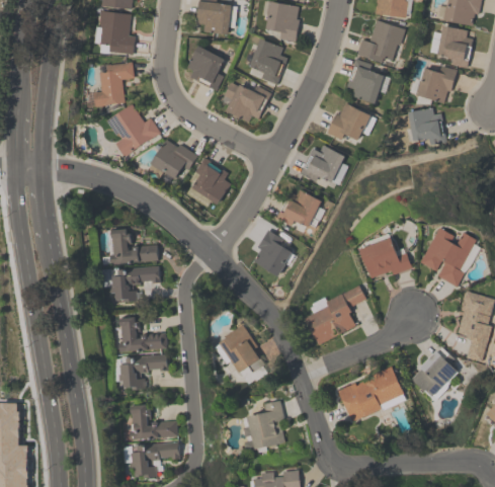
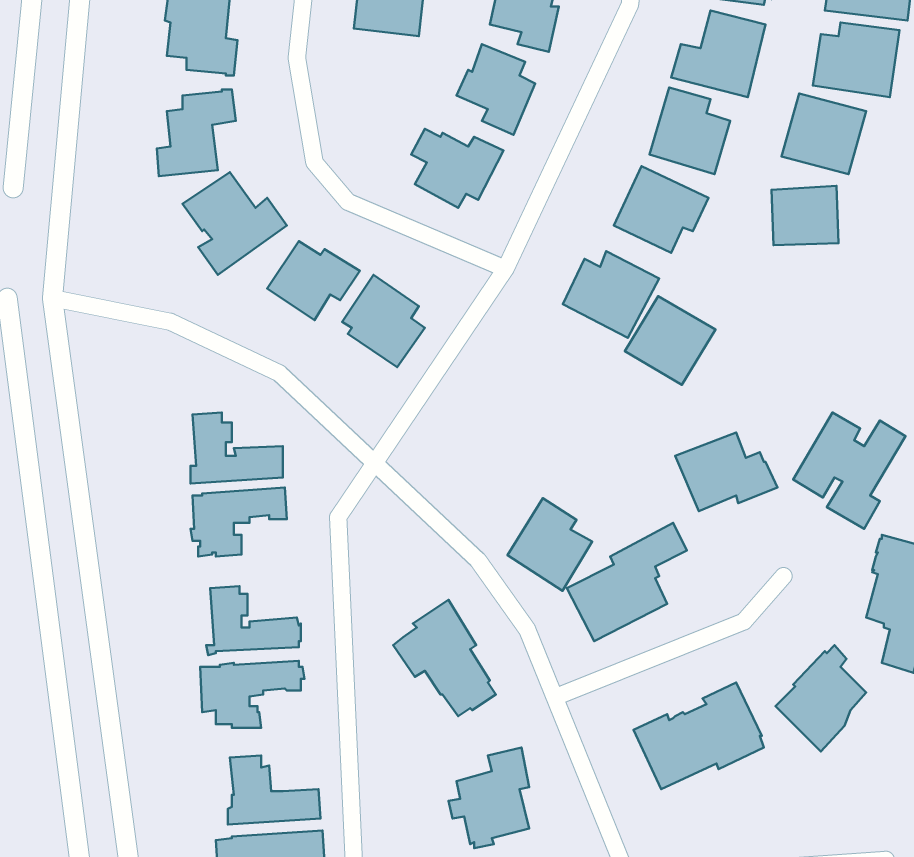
building: [183,46,228,89] -> none
building: [279,187,326,233] -> [625,296,715,385]
building: [251,231,295,278] -> [507,498,592,591]

